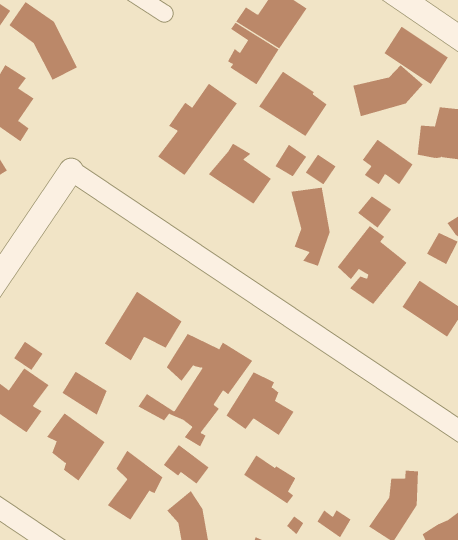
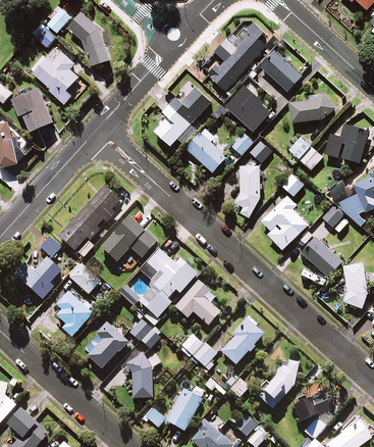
building: [383,26,449,85] -> [260,49,303,91]
building: none -> [58,185,120,248]
building: none -> [220,317,264,364]

